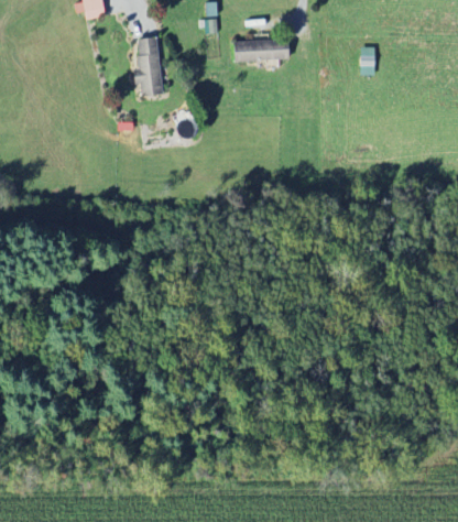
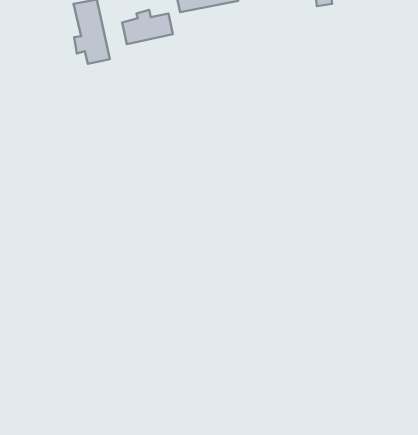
building: none -> [122,10,173,44]

